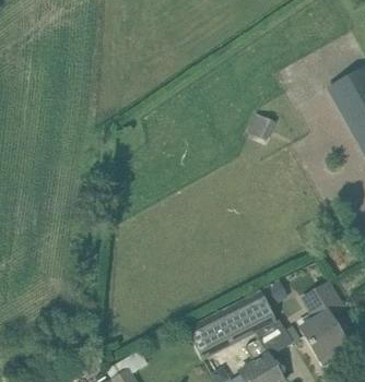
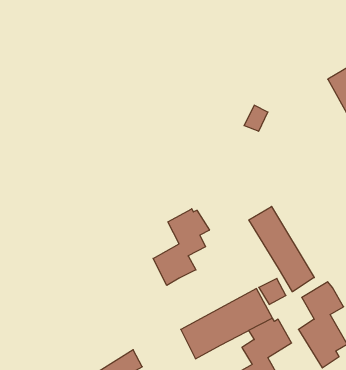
building: none -> [249,206,314,292]
building: none -> [153,209,209,285]

